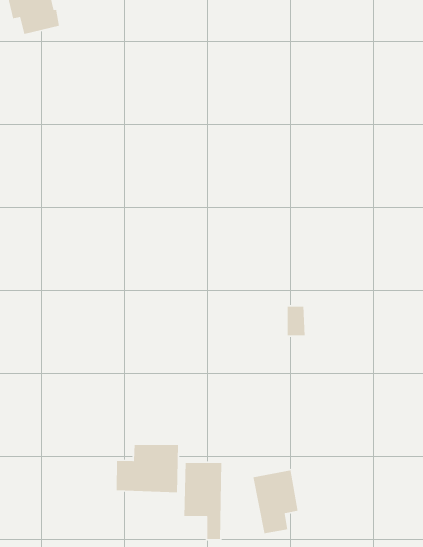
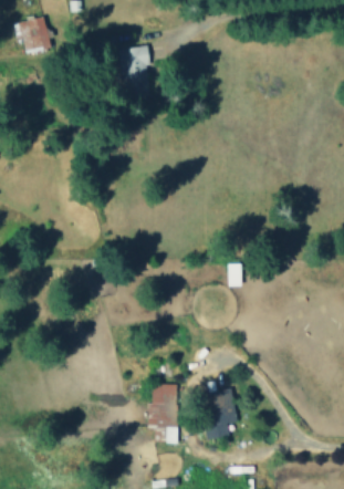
building: none -> [119,46,149,82]
building: [116,444,179,493] -> none

